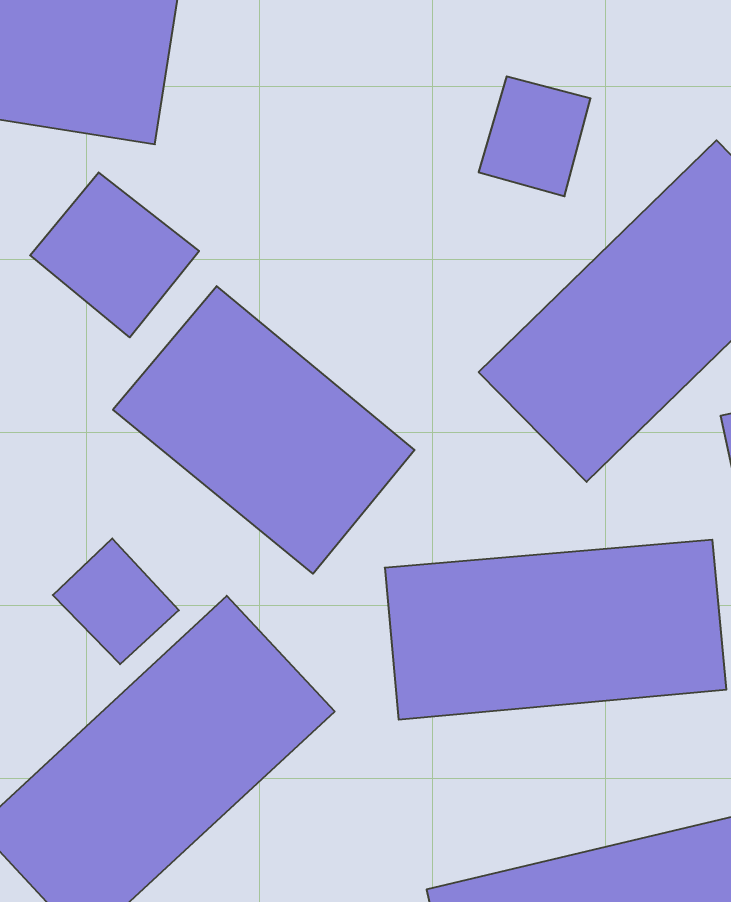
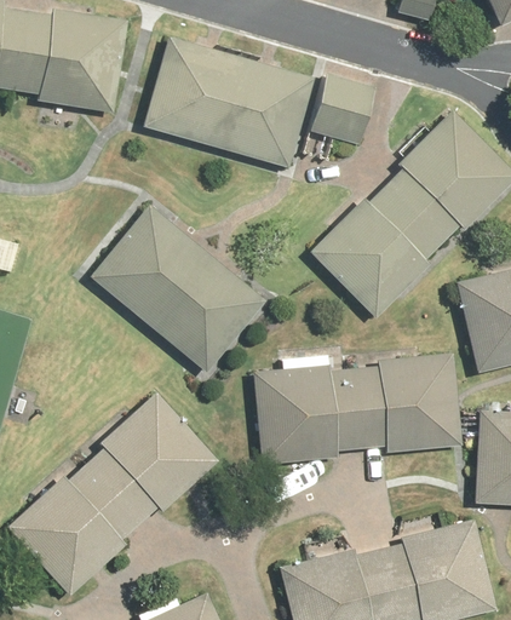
building: none -> [144,36,316,168]
building: [30,172,199,337] -> none
building: [53,538,179,664] -> none

